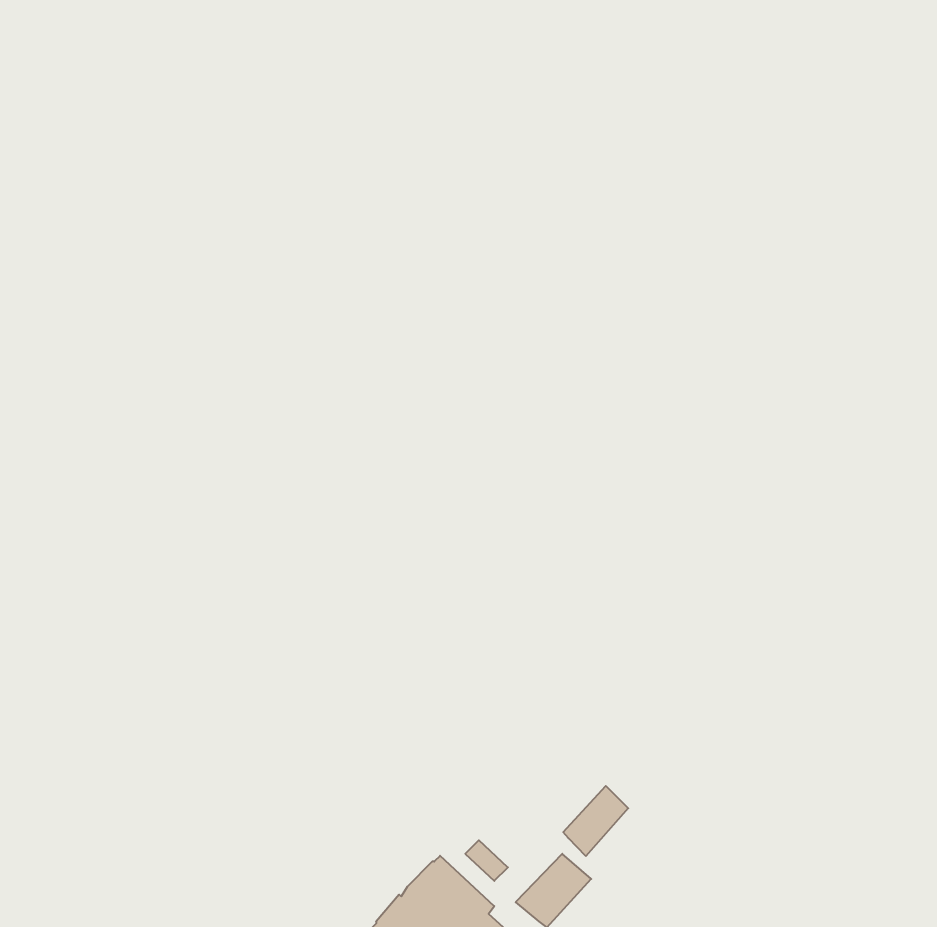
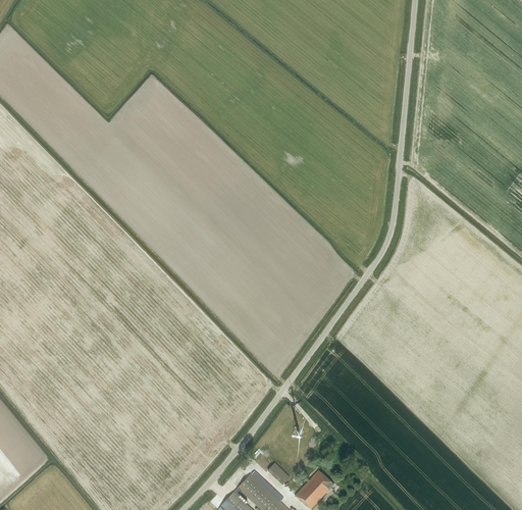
building: [563,786,628,856] -> none

